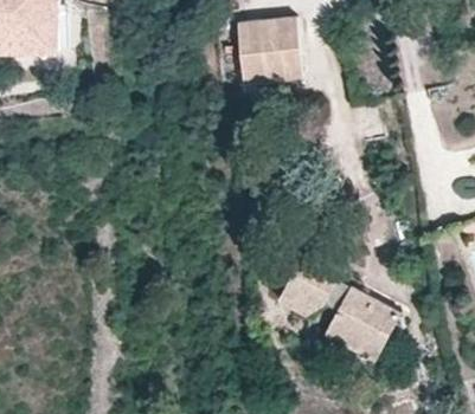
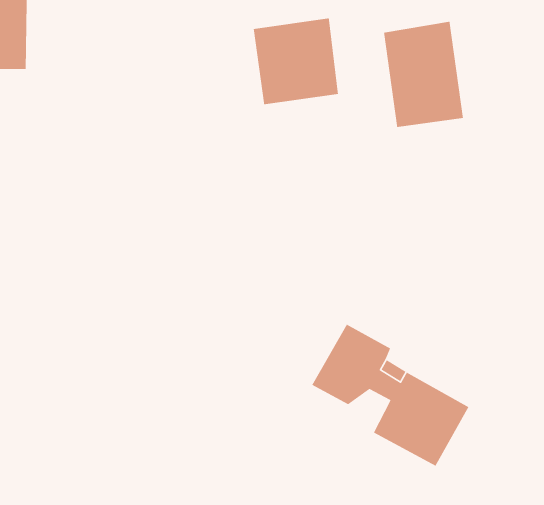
building: none -> [383,21,464,128]

